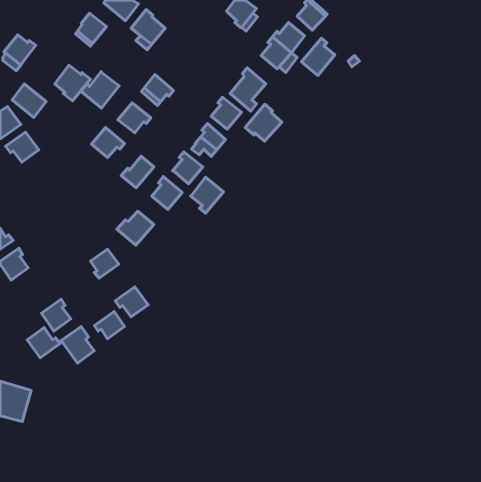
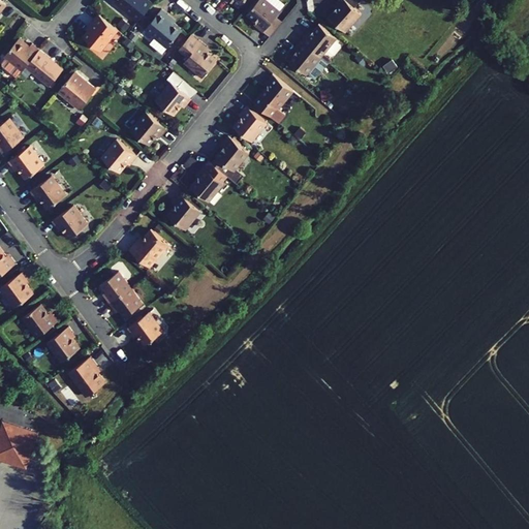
building: none -> [178,35,217,80]
building: [301,38,335,75] -> none
building: [81,71,119,108] -> none
building: [12,84,46,118] -> [27,50,64,87]
building: [245,104,282,141] -> none
building: [121,156,154,188] -> none
building: none -> [30,176,66,209]
building: [190,177,224,213] -> none
building: none -> [52,206,88,239]
building: [94,311,125,339] -> [110,289,143,319]
building: [27,328,60,358] -> [22,305,58,338]

